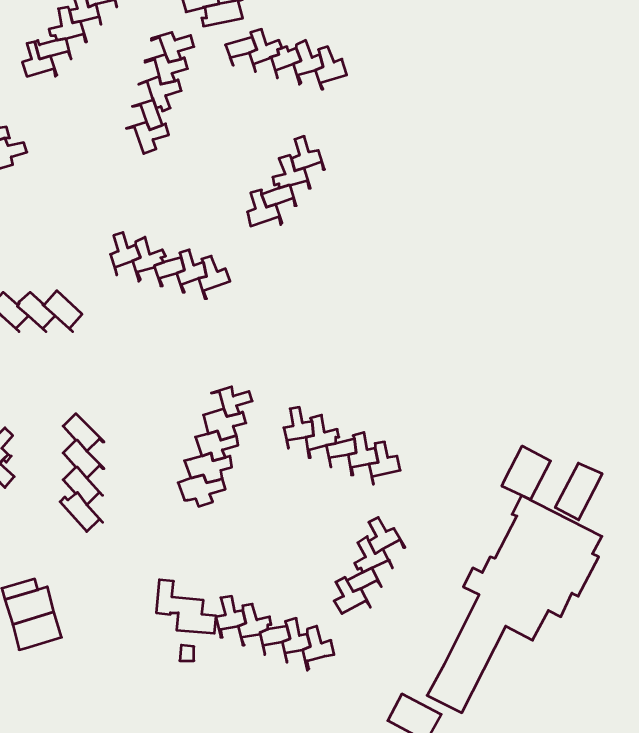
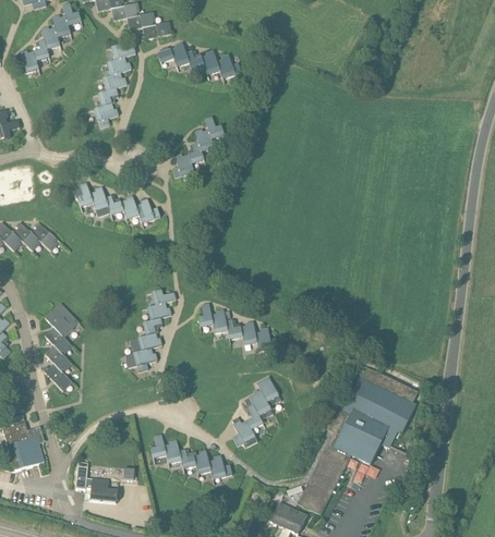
building: [502,446,551,500] -> none
building: [555,463,602,520] -> none
building: [156,580,216,633] -> [75,465,117,502]

